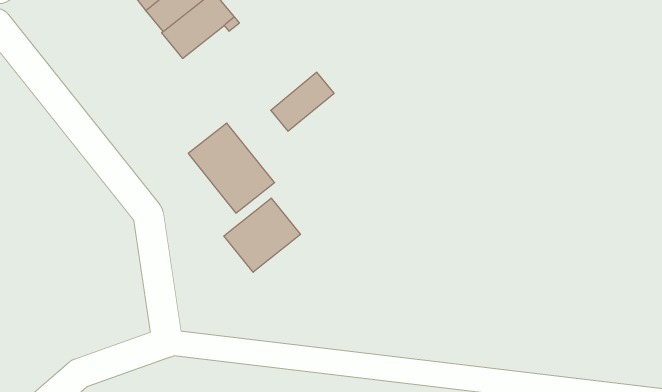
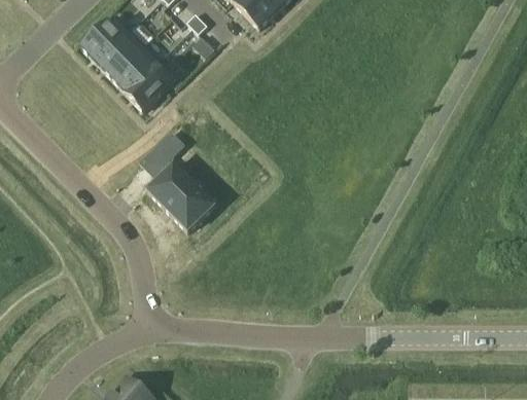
building: [271,72,334,131] -> [144,125,190,172]
building: [224,198,300,272] -> none

